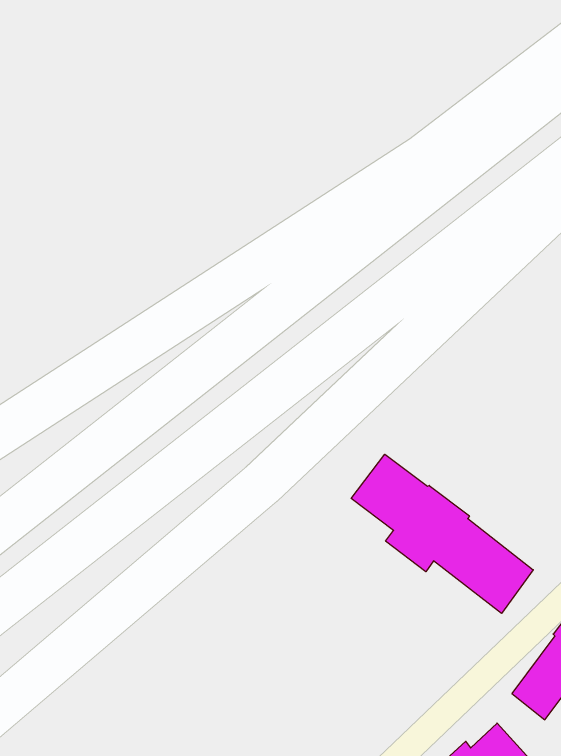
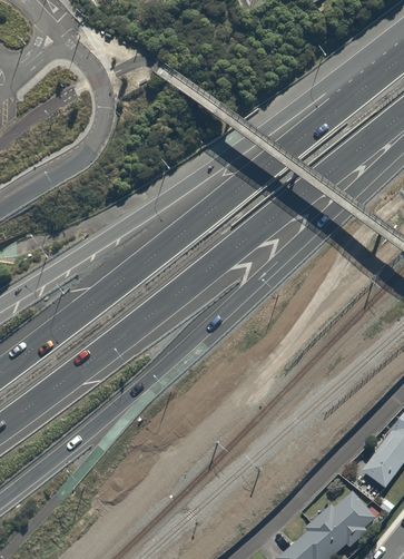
building: [351,454,533,613] -> none

